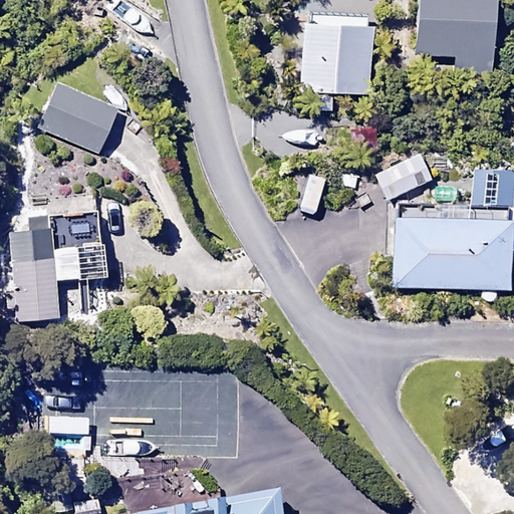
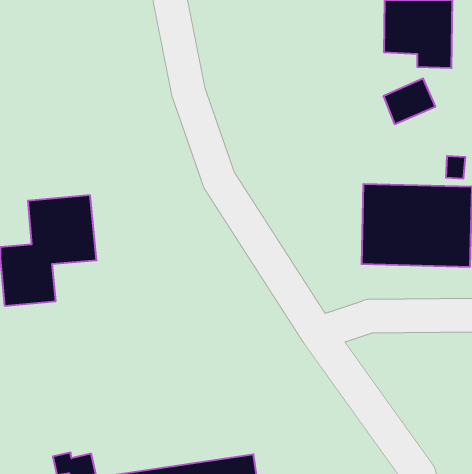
building: [297,13,377,94] -> none
building: [34,81,118,156] -> none
building: [376,151,433,200] -> [383,79,435,124]

